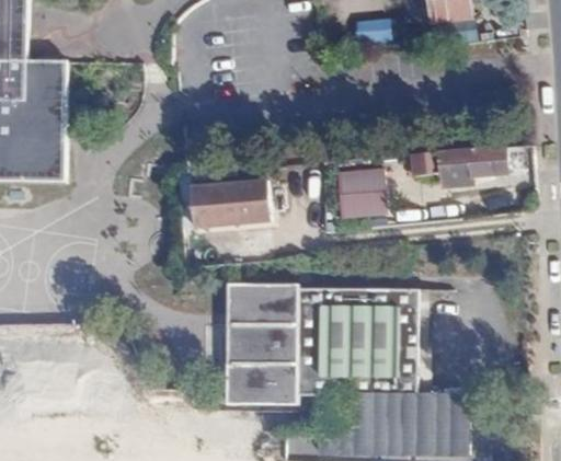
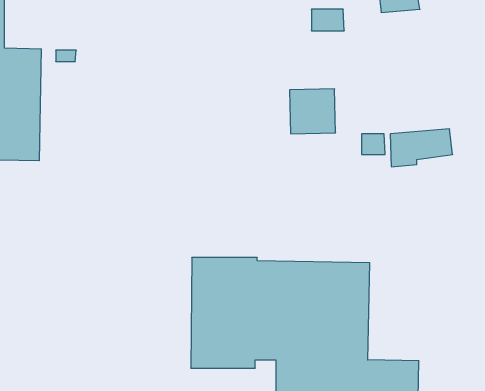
building: [336,169,386,217] -> [290,89,336,134]
building: [193,182,271,228] -> none

